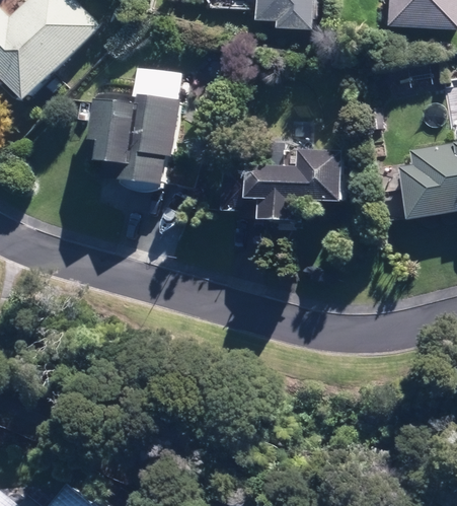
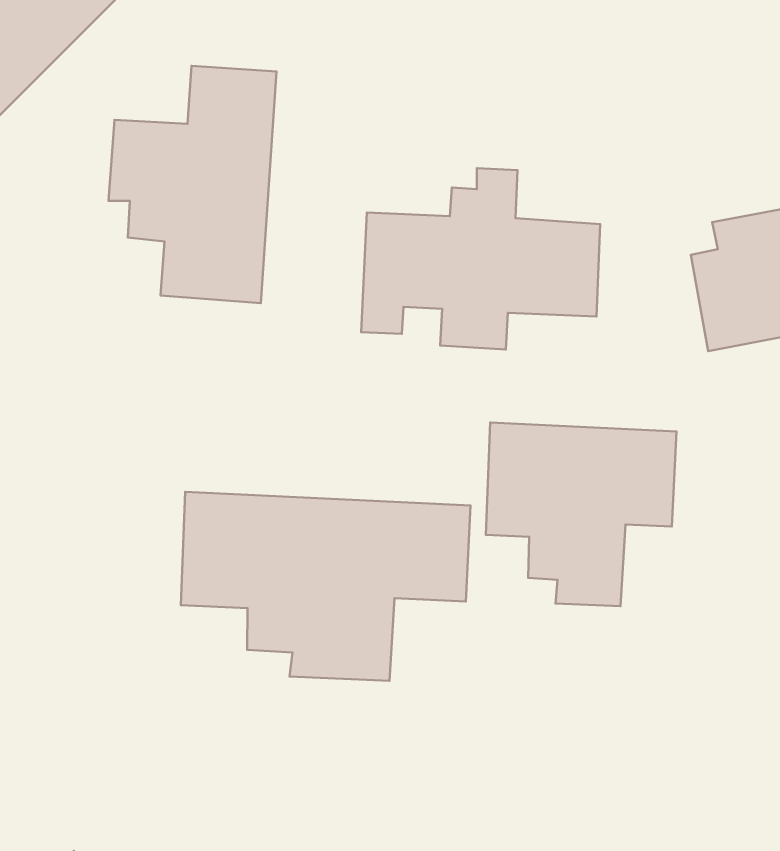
building: none -> [486,423,676,606]
building: none -> [181,492,470,681]

